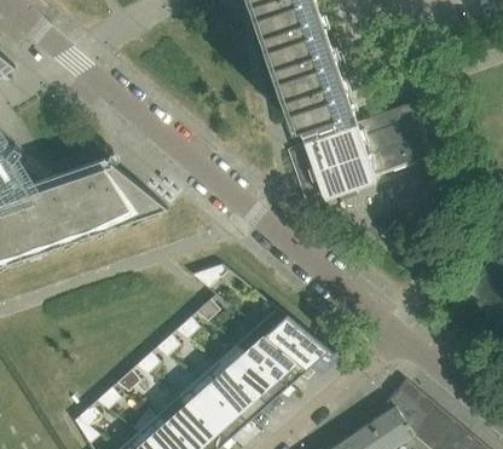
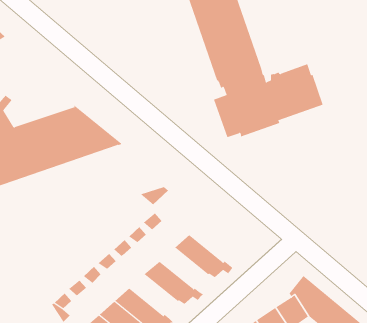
building: [254,307,333,367] -> none
building: [215,344,293,402] -> none
building: [175,379,253,437] -> none

